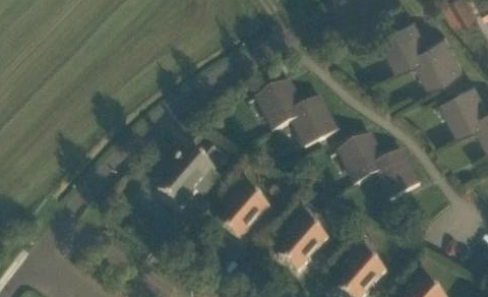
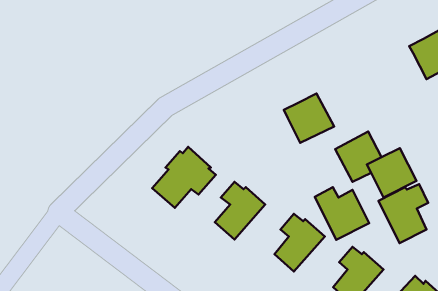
building: [380,16,425,65] -> none
building: [255,79,301,129] -> none
building: none -> [378,184,428,243]
building: none -> [315,187,369,240]

